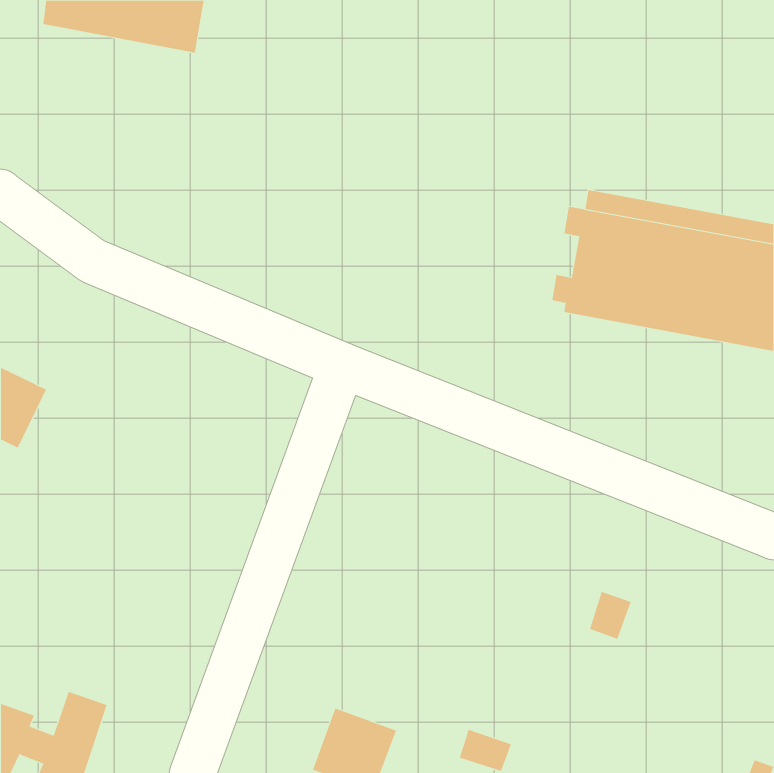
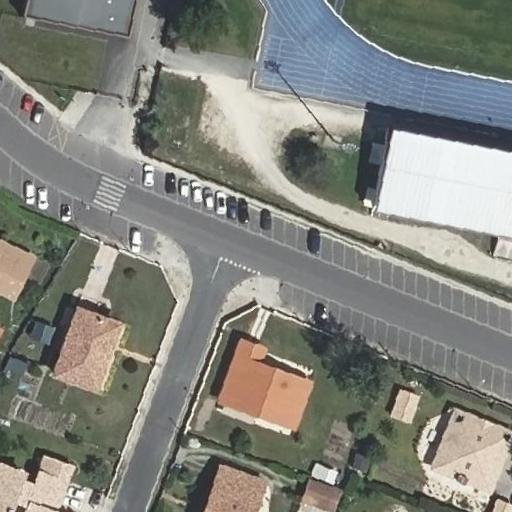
building: none -> [54,310,117,389]
building: none -> [220,342,309,427]
building: none -> [438,417,506,485]

